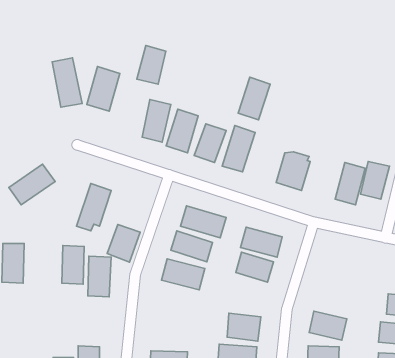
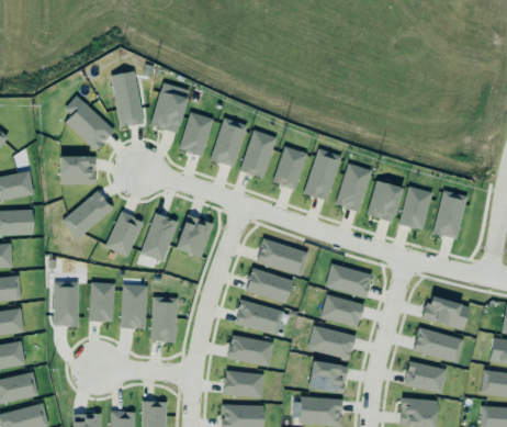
building: [137,45,166,84] -> [180,112,213,156]
building: [238,77,270,120] -> [336,164,372,212]
building: none -> [64,101,113,149]
building: none -> [59,156,97,184]
building: [361,161,390,199] -> [399,187,432,229]
building: none -> [105,212,144,257]
building: [107,225,140,262] -> [176,215,213,258]
building: none -> [90,282,115,322]
building: none -> [420,292,467,329]
building: none -> [308,327,356,359]
building: none -> [414,327,464,362]
building: none -> [228,336,273,366]
building: none -> [223,370,264,398]

